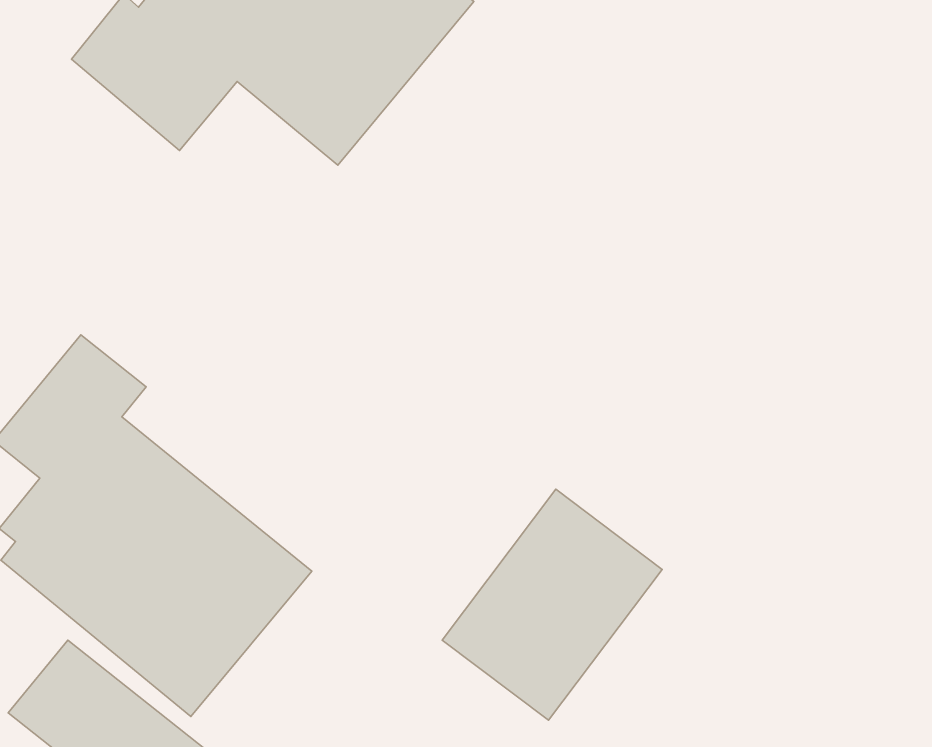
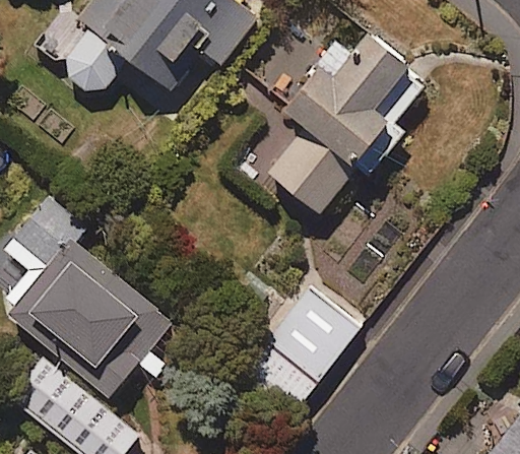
building: none -> [265,28,432,212]

